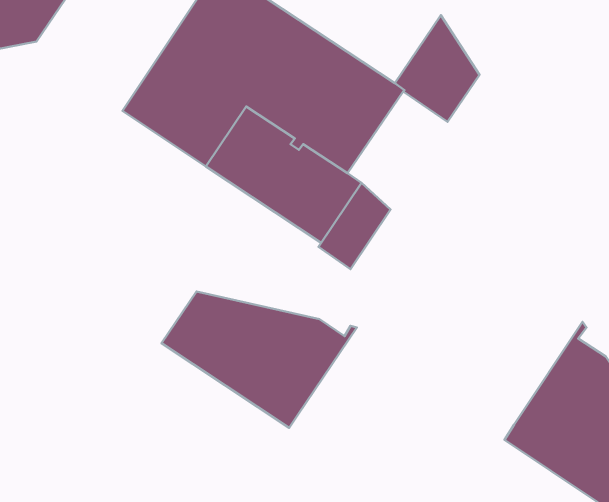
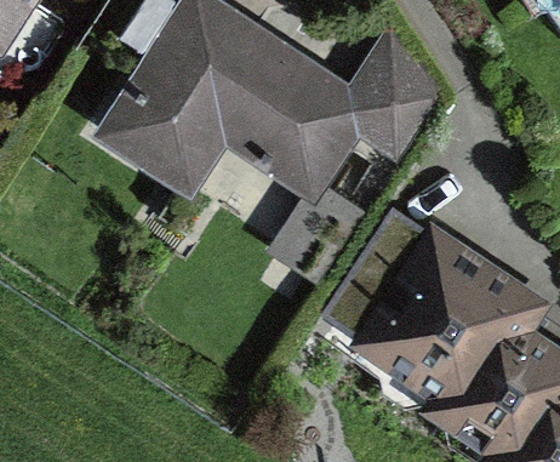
building: none -> [366,218,513,384]
building: [161,291,357,428] -> none

